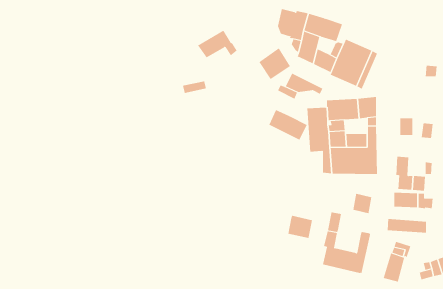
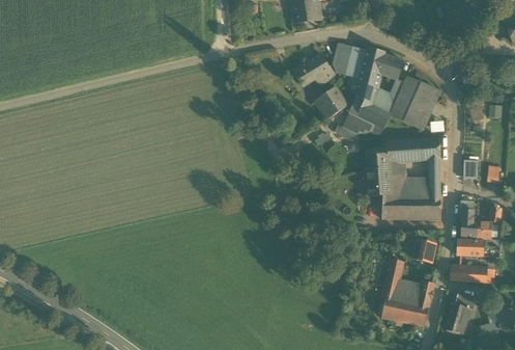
building: [197,30,237,58] -> [293,54,336,84]
building: [268,109,308,140] -> [350,97,392,130]
building: [288,215,313,239] -> [396,279,423,304]

